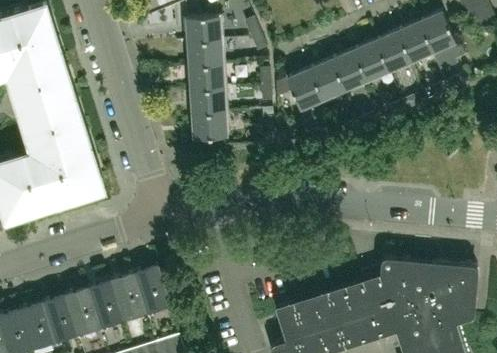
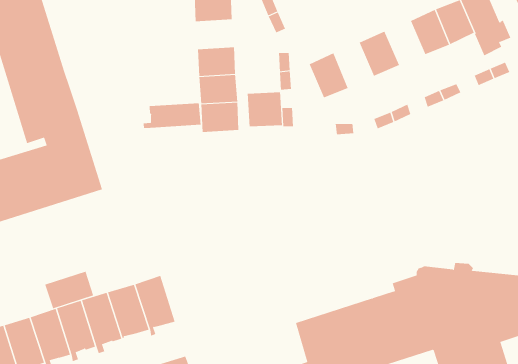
building: [186,41,221,67] -> none
building: [353,42,388,81] -> none
building: [308,61,343,101] -> none
building: none -> [247,92,283,127]
building: none -> [143,102,201,129]
building: none -> [45,271,94,309]

